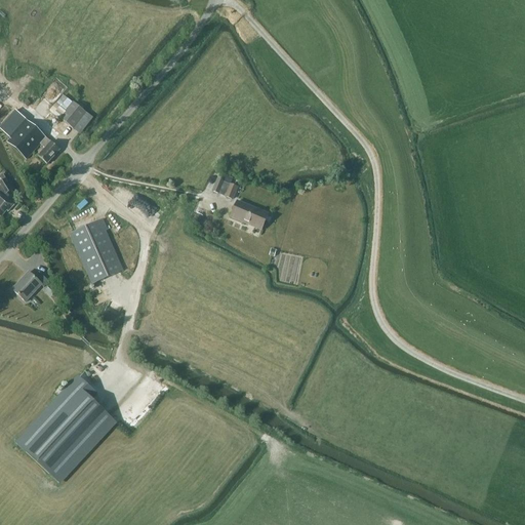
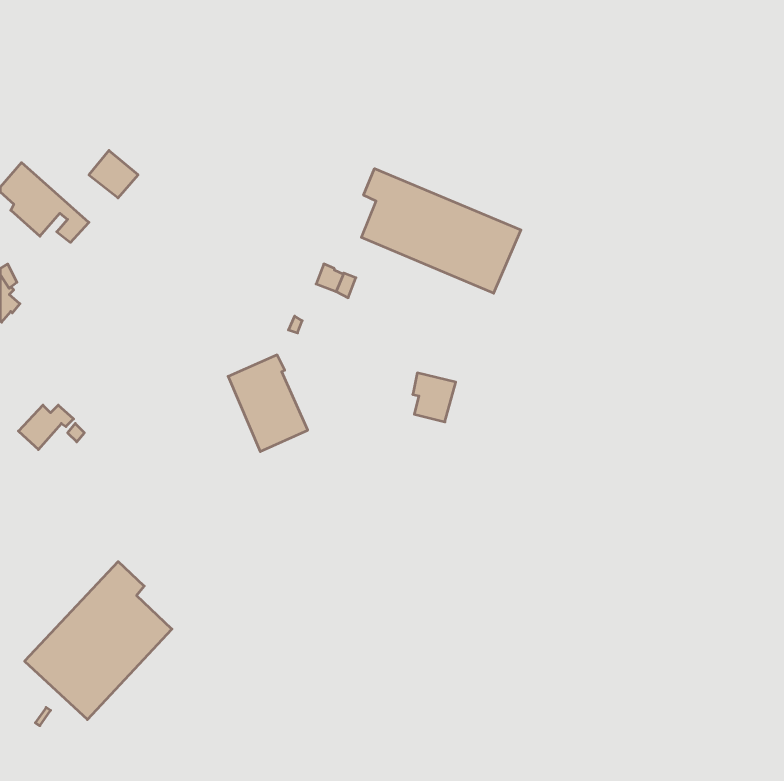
building: none -> [361,169,521,293]
building: [230,200,268,229] -> none
building: [70,218,123,283] -> [228,355,308,452]

